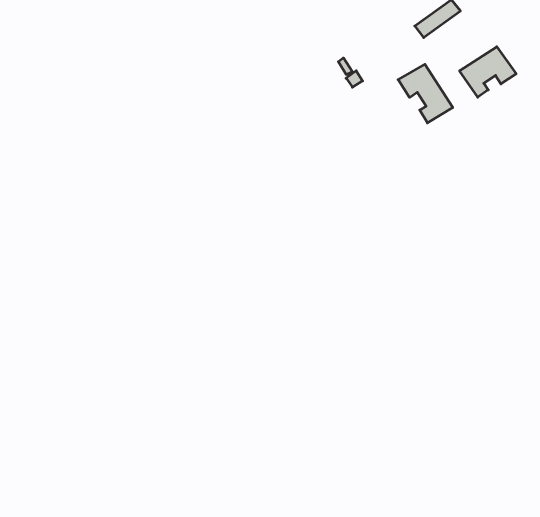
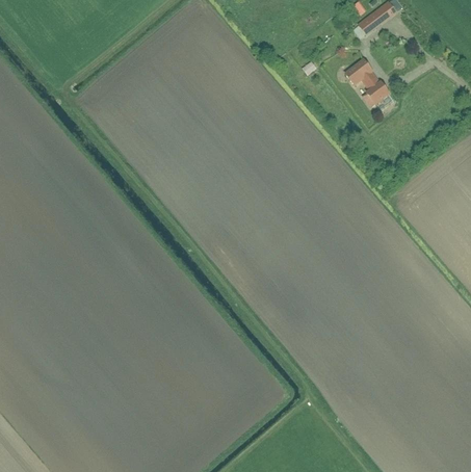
building: [460,47,516,97] -> none

